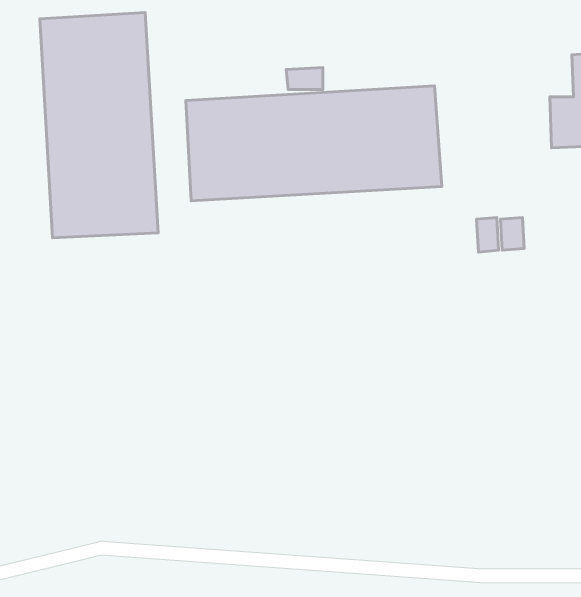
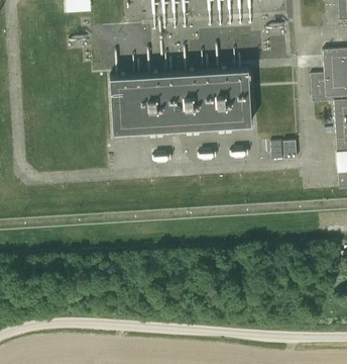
building: [40,12,158,238] -> none

